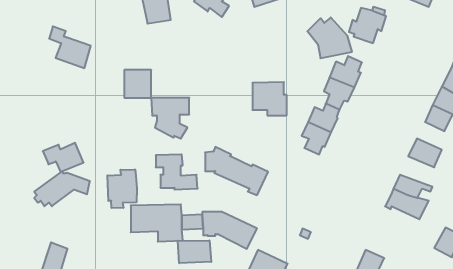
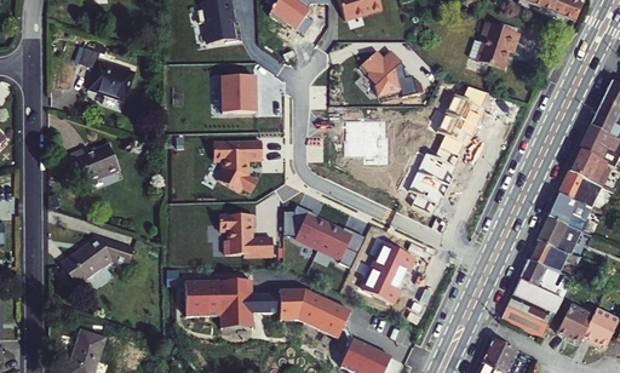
building: [307,17,352,58] -> [361,48,419,102]
building: [124,70,151,98] -> [220,76,256,113]
building: none -> [558,171,601,207]
building: [43,143,84,172] -> [65,143,119,180]
building: none -> [536,216,581,253]
building: [107,169,137,208] -> none
building: none -> [360,241,415,303]
building: none -> [501,281,562,337]
building: none -> [556,304,592,343]
building: [178,240,211,263] -> none

